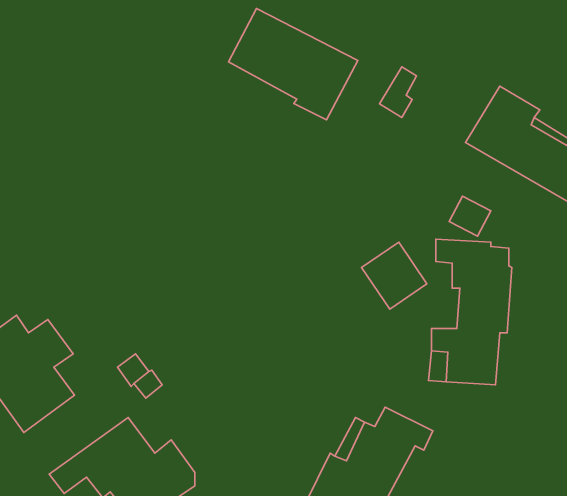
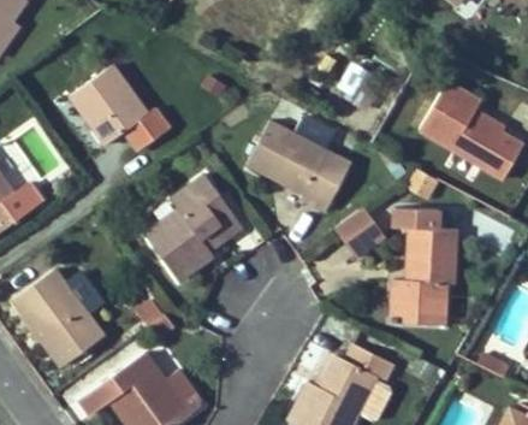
building: [228,8,358,120] -> [249,120,354,211]
building: none -> [72,66,168,147]
building: none -> [146,175,244,282]

